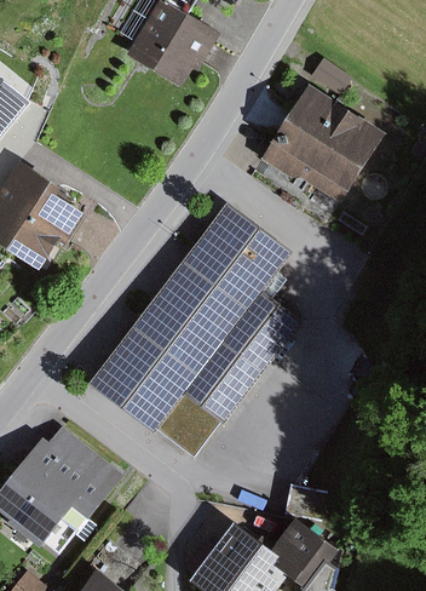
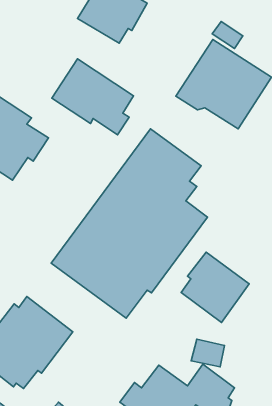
building: none -> [52,59,134,135]
building: none -> [181,252,249,322]

